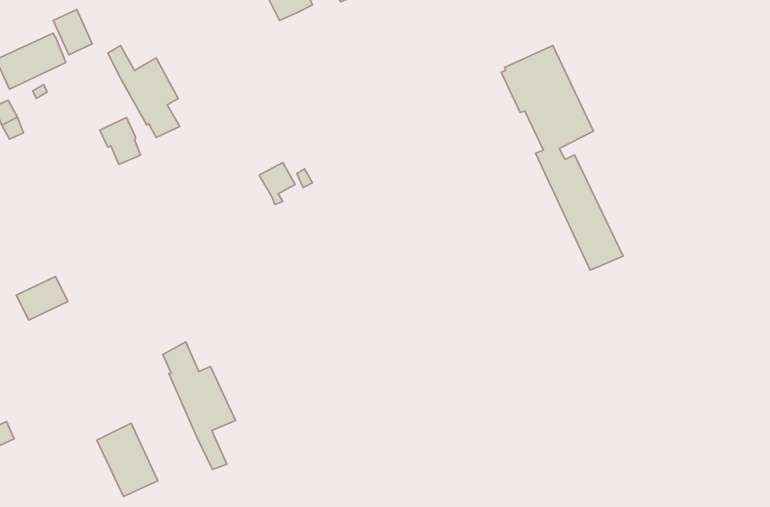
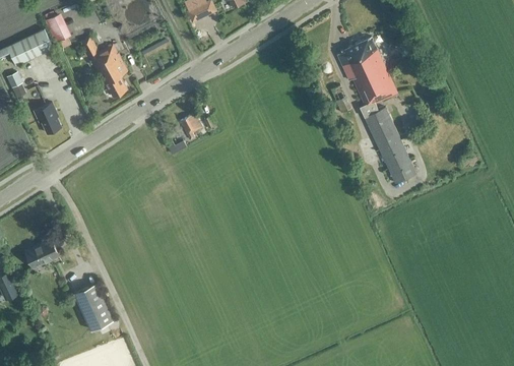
building: [100,118,141,164] -> [34,103,60,133]
building: [16,277,68,320] -> [24,239,58,267]
building: [163,342,235,469] -> none

